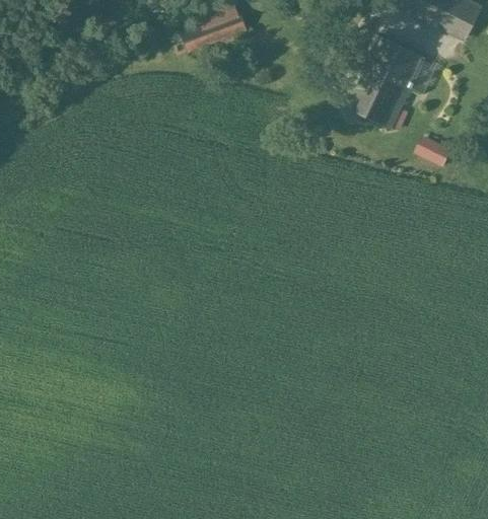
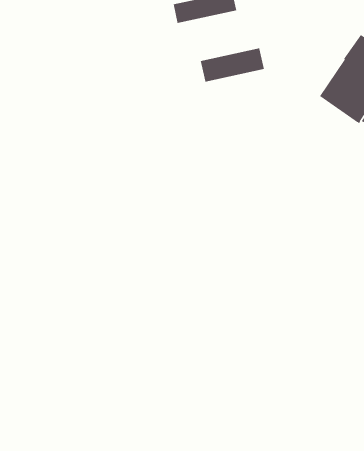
building: none -> [200,48,264,83]

